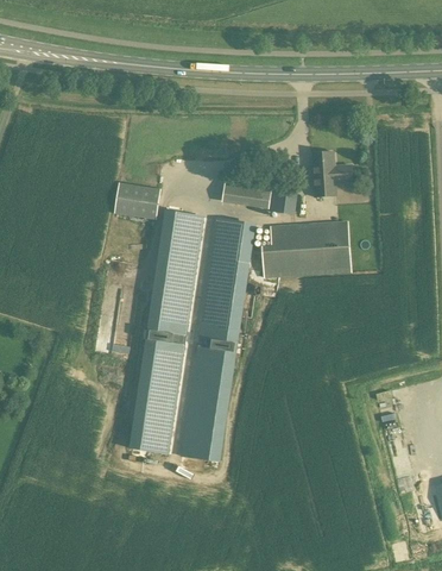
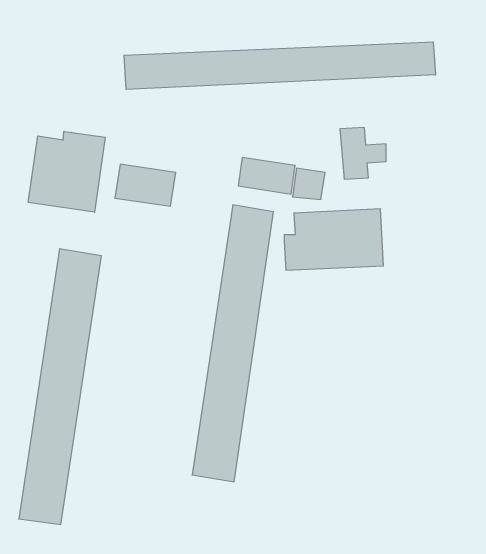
building: none -> [124,42,435,89]
building: none -> [28,131,105,212]
building: [131,211,203,452] -> [19,249,101,524]

